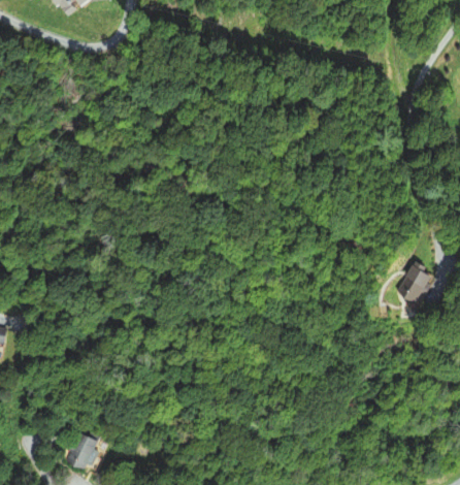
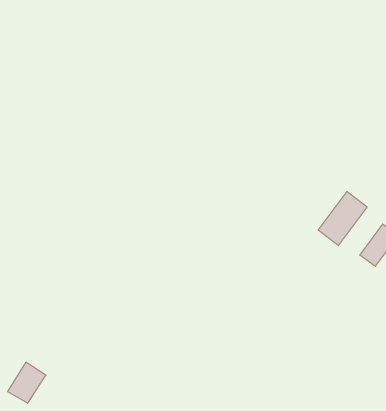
building: none -> [318,191,367,246]

